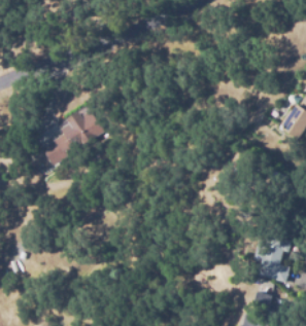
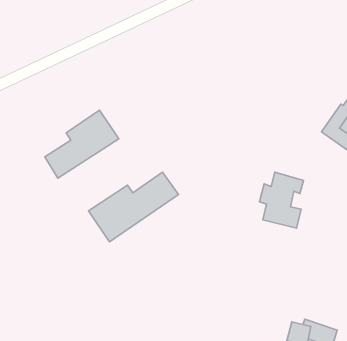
building: none -> [89,172,179,242]
building: [252,233,291,282] -> [259,172,303,228]

